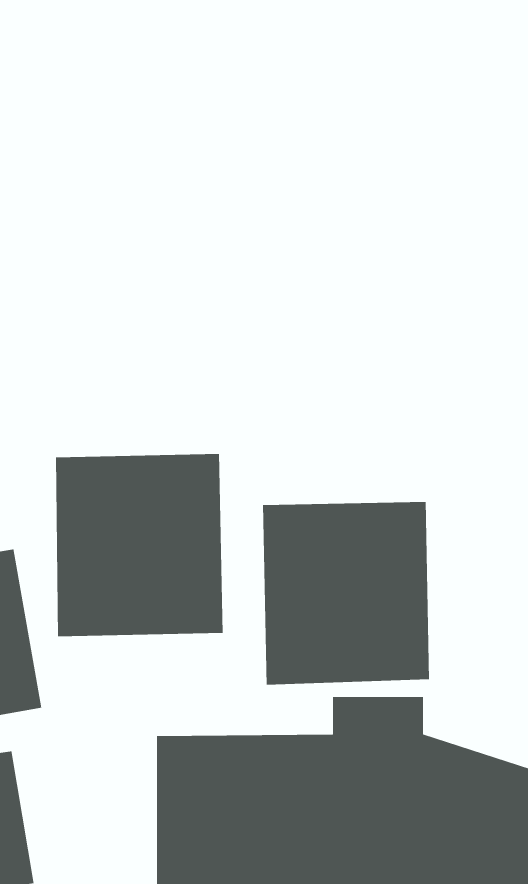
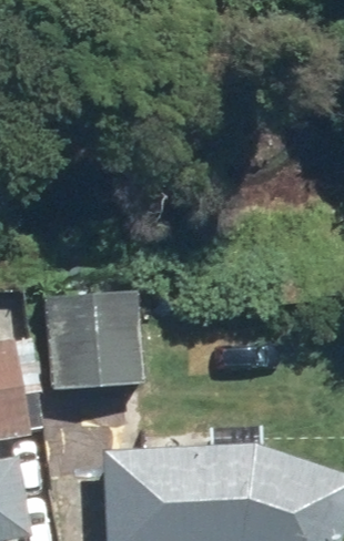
building: [263,501,430,685] -> none

